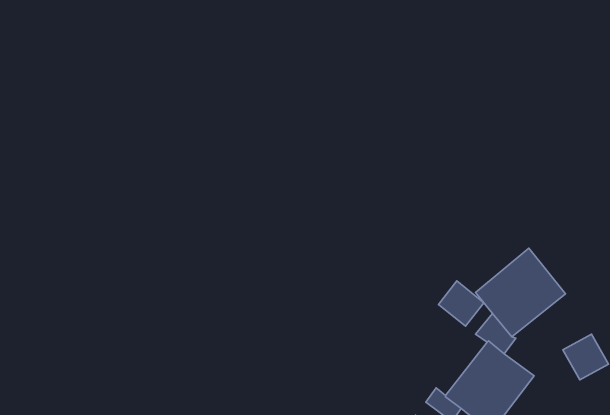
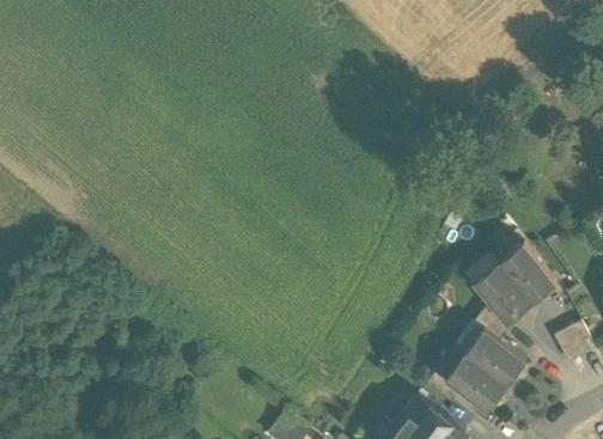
building: [438,281,484,326] -> none

